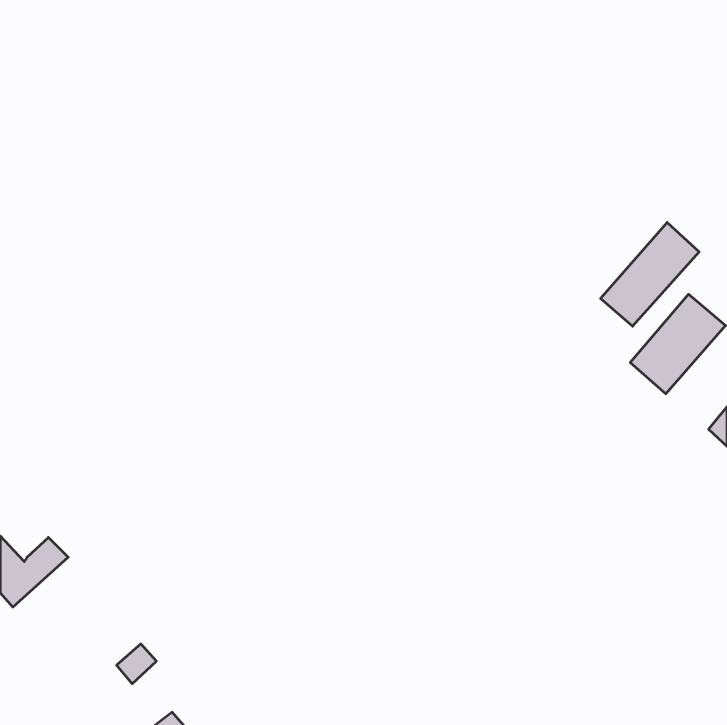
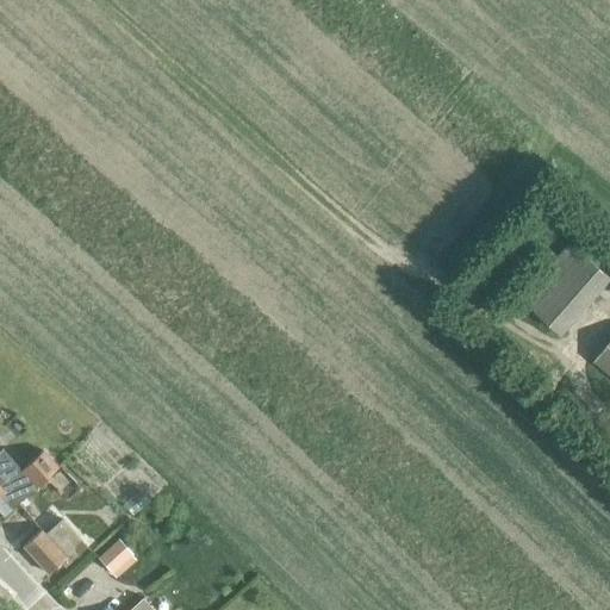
building: [601,222,699,326] -> none
building: none -> [23,519,86,574]

